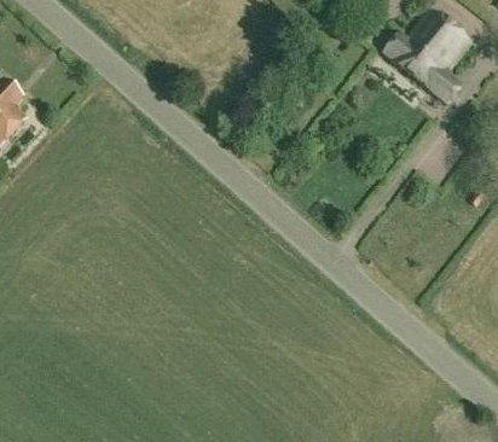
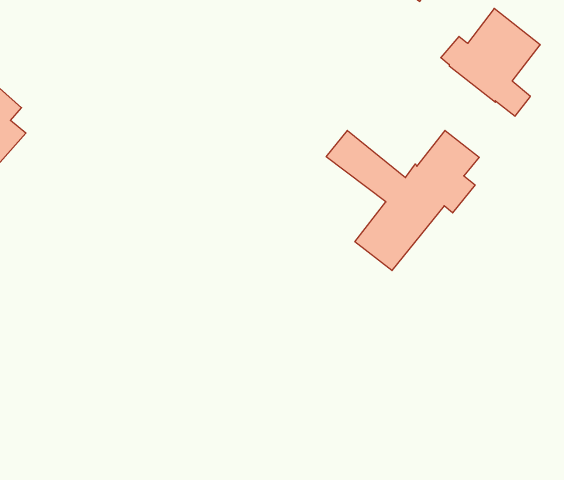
building: none -> [326,130,479,271]

